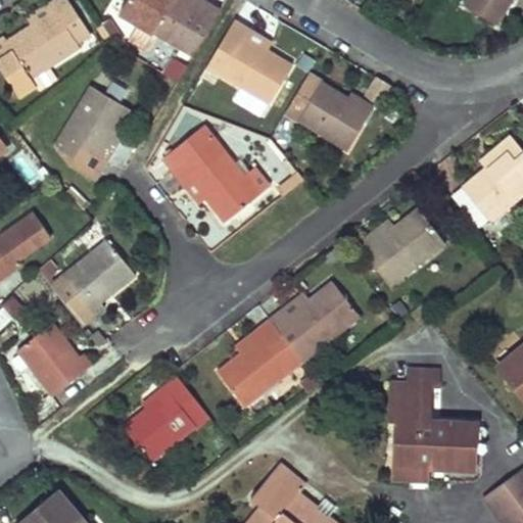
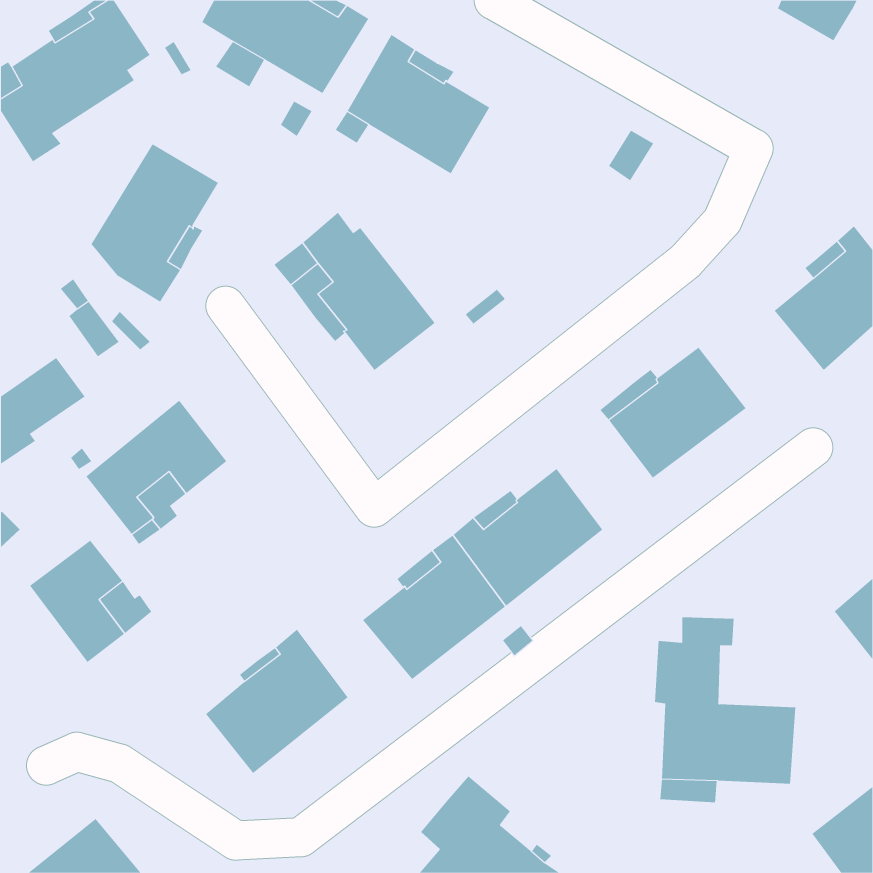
building: [286,73,374,150] -> none

